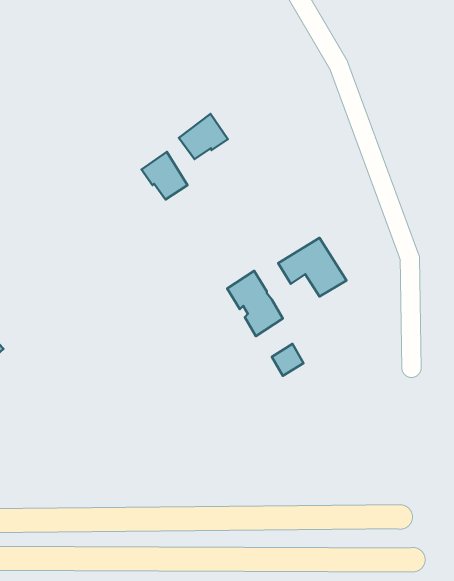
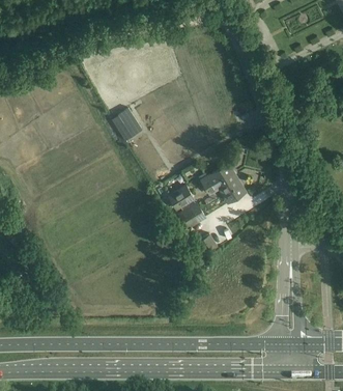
building: [179,114,228,159] -> none

